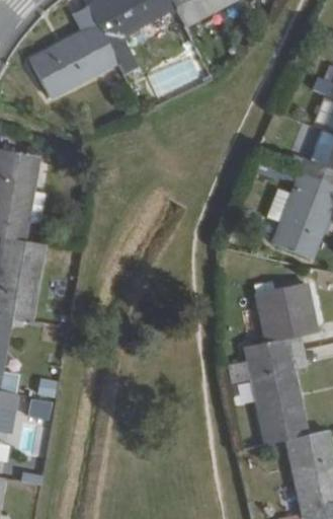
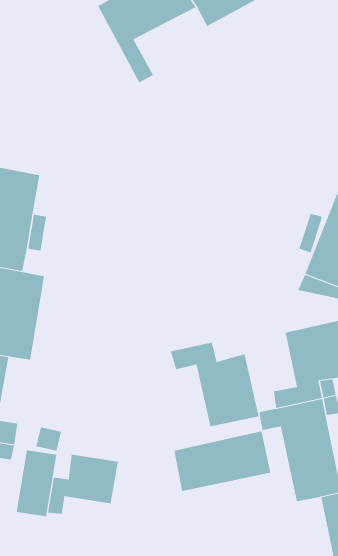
building: [33,6,119,96] -> none
building: none -> [170,342,259,427]
building: none -> [174,430,271,492]
building: none -> [48,454,119,515]

